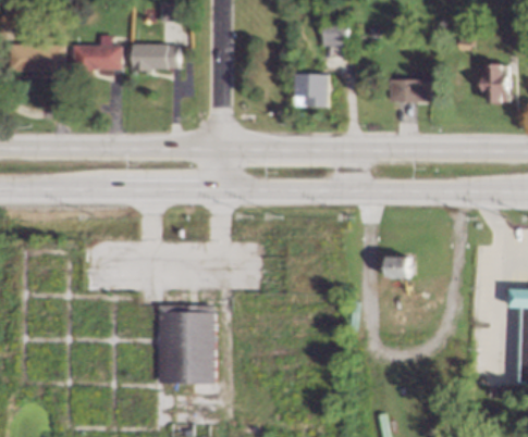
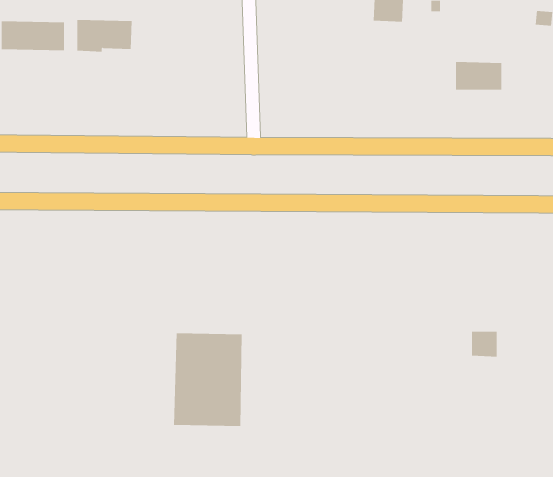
building: [132,43,177,71] -> none
building: [296,73,328,105] -> none
building: [386,258,408,279] -> [471,331,497,357]

